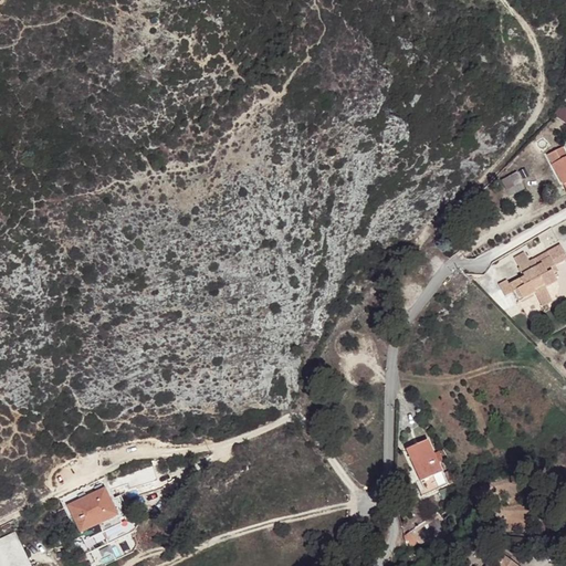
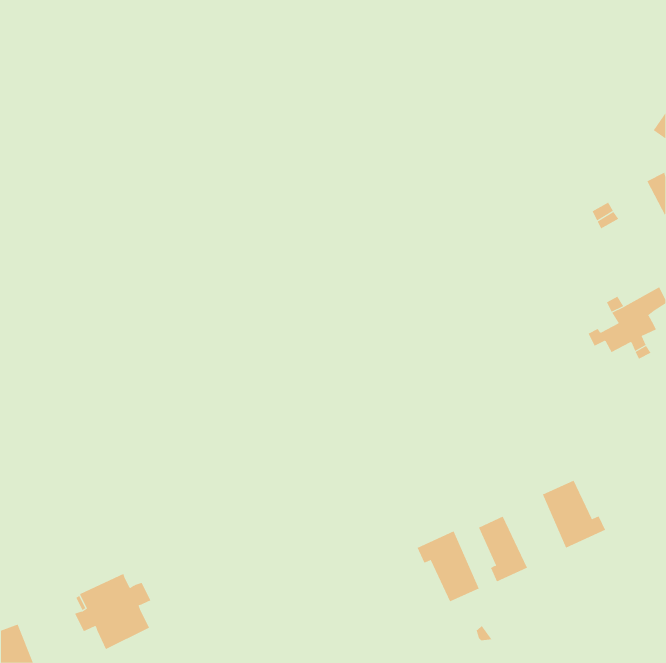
building: none -> [542,480,606,548]
building: none -> [417,531,480,602]

